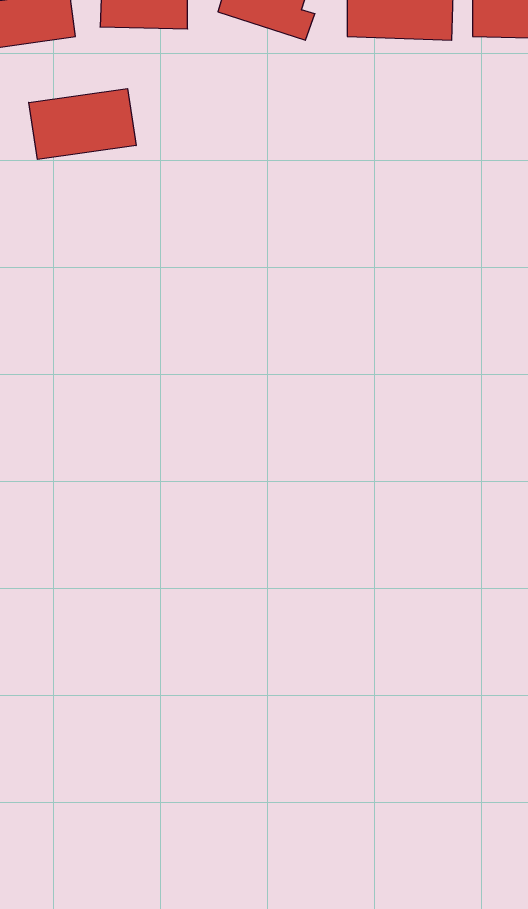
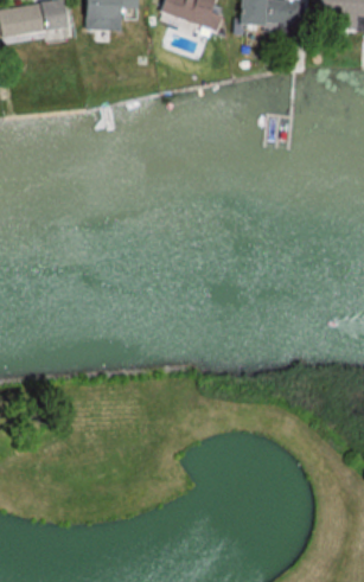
building: [29,89,136,159] -> none

